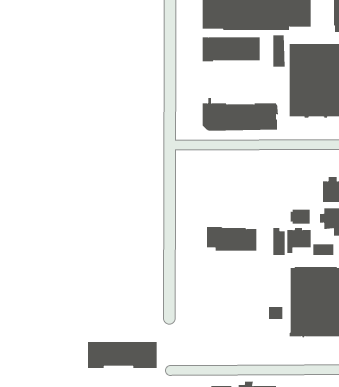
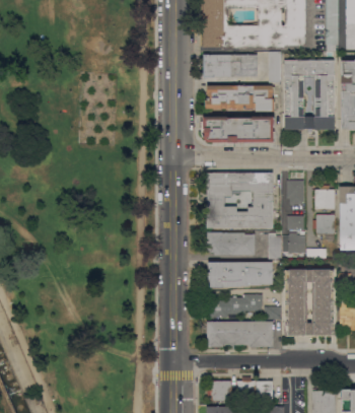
building: none -> [206,84,278,111]
building: none -> [206,171,273,227]
building: none -> [287,178,305,204]
building: none -> [208,261,273,287]
building: none -> [209,293,263,317]
building: [87,341,158,368] -> [207,321,273,346]

